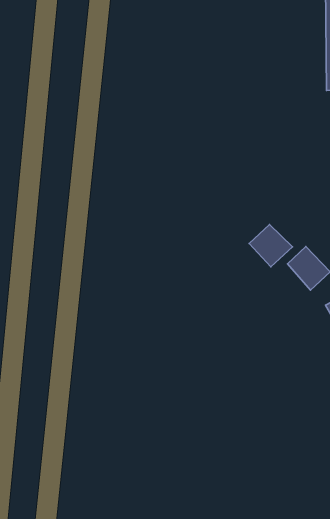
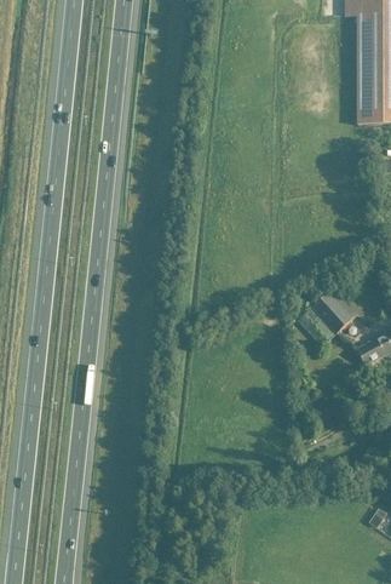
building: [249,224,292,267] -> none

